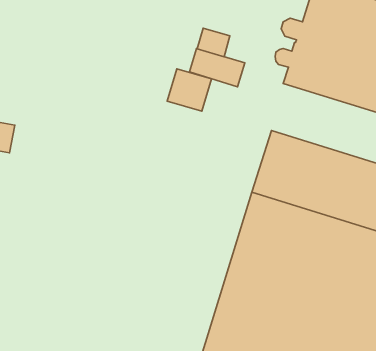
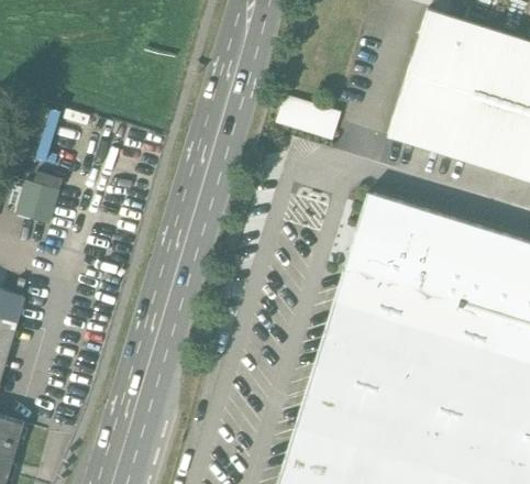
building: [197,28,230,57] -> none
building: [167,69,212,111] -> none

